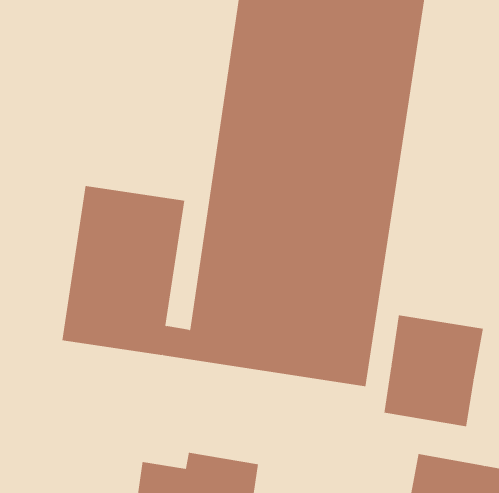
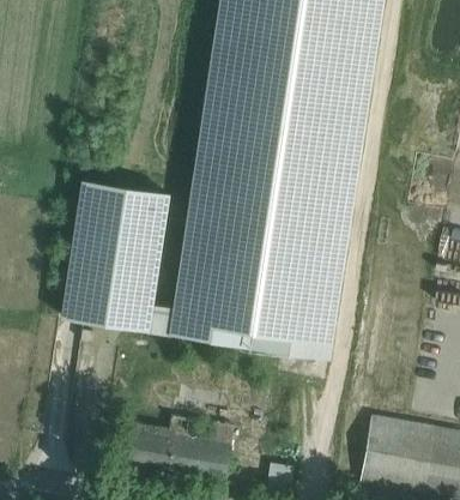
building: [384,315,483,427] -> none

